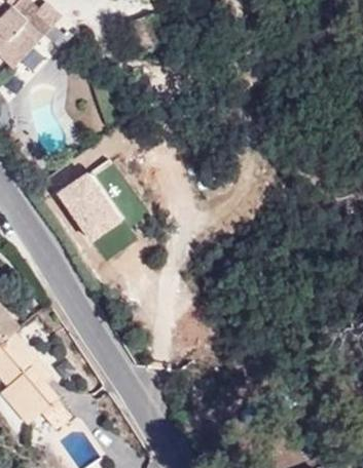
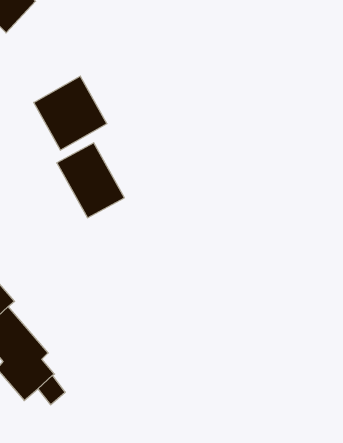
building: none -> [34,76,107,150]

